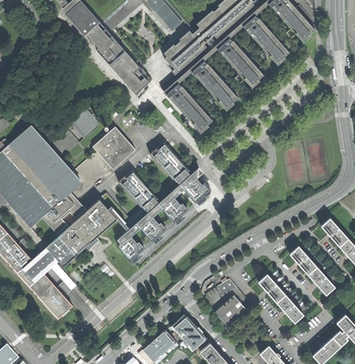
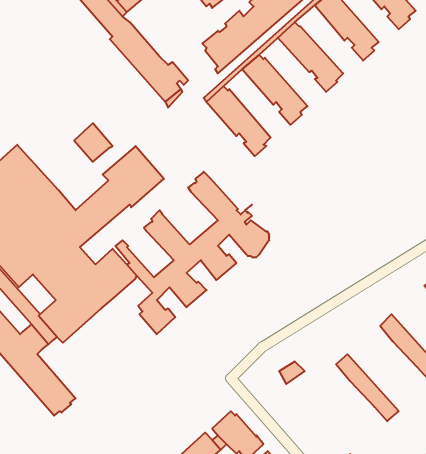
building: [215,296,245,325] -> none

